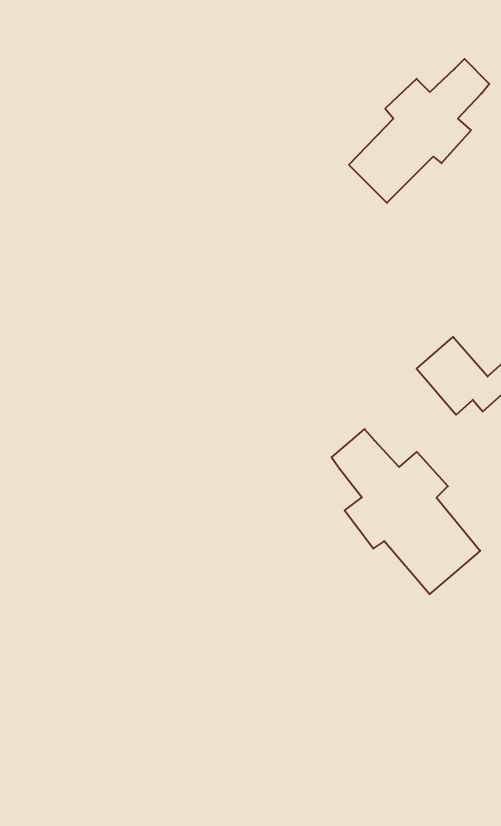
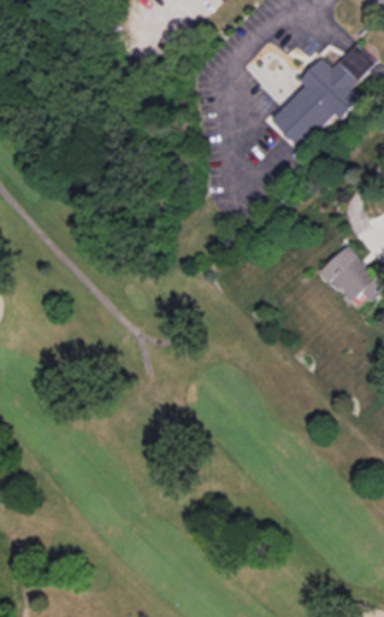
building: [332,429,480,594] -> none

